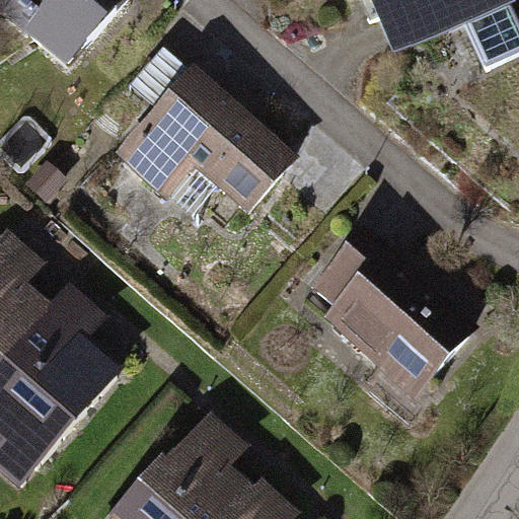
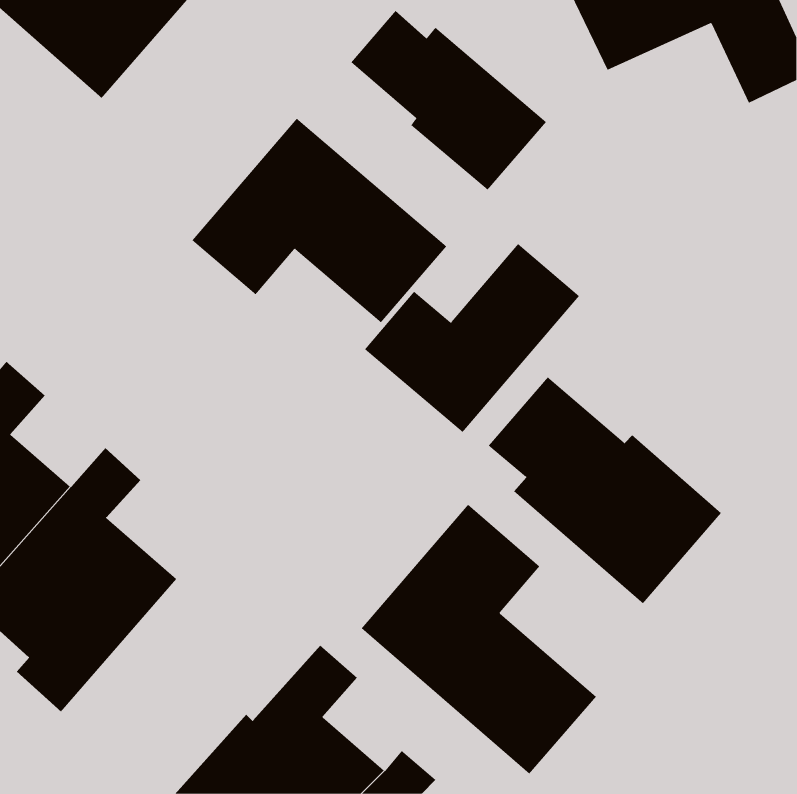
building: none -> [351,10,547,190]
building: none -> [364,243,580,433]
building: none -> [361,504,597,775]

